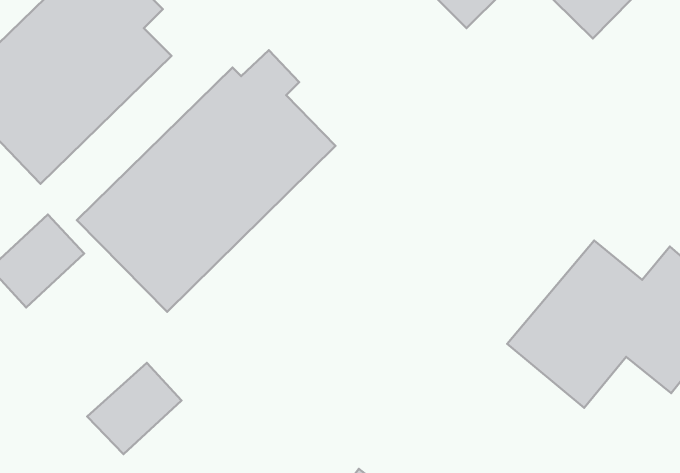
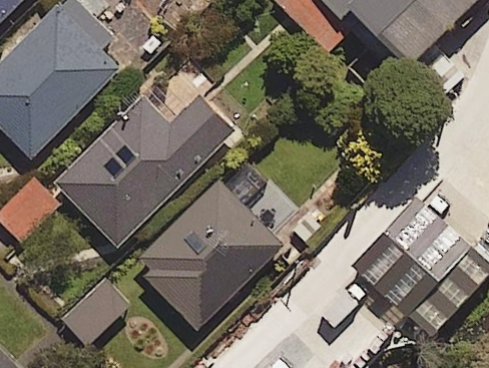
building: none -> [134,160,282,329]

